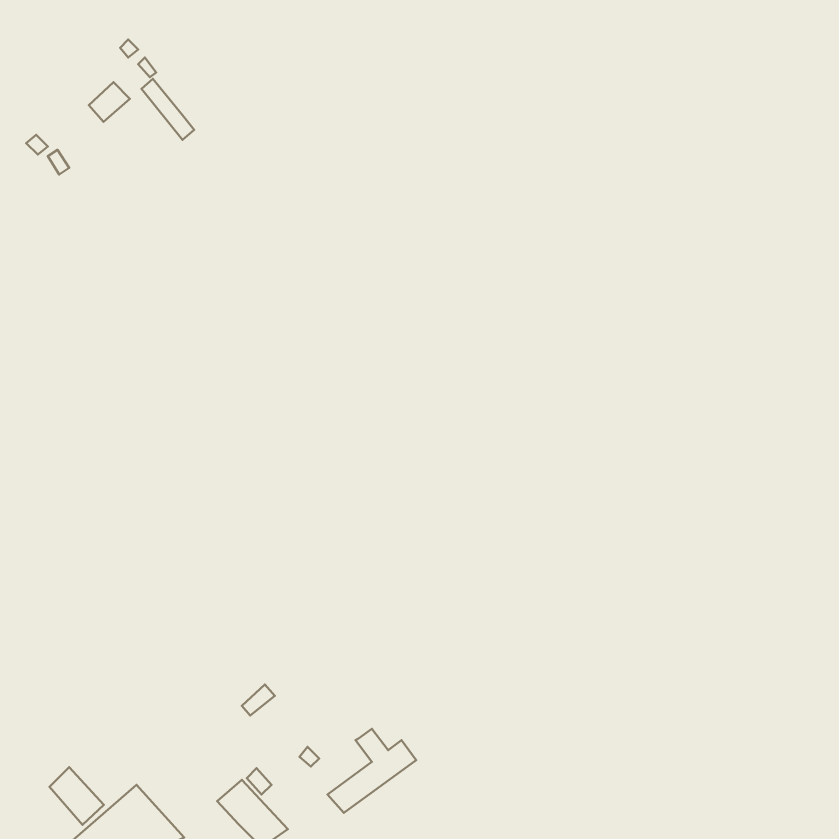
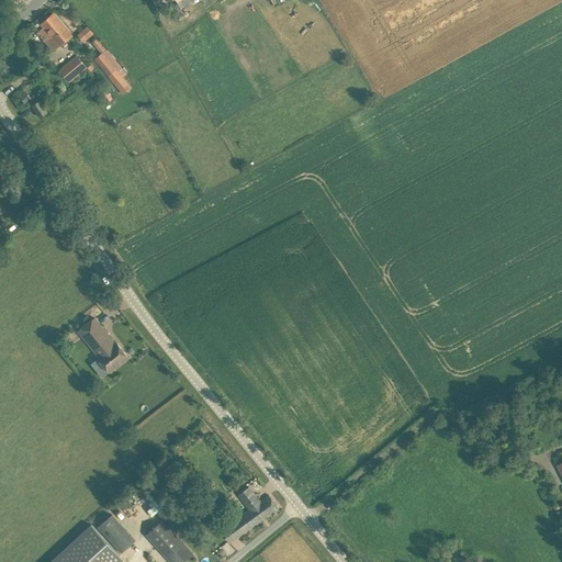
building: none -> [36,14,70,52]
building: none -> [77,318,127,372]
building: [50,767,104,825] -> [98,515,134,553]

